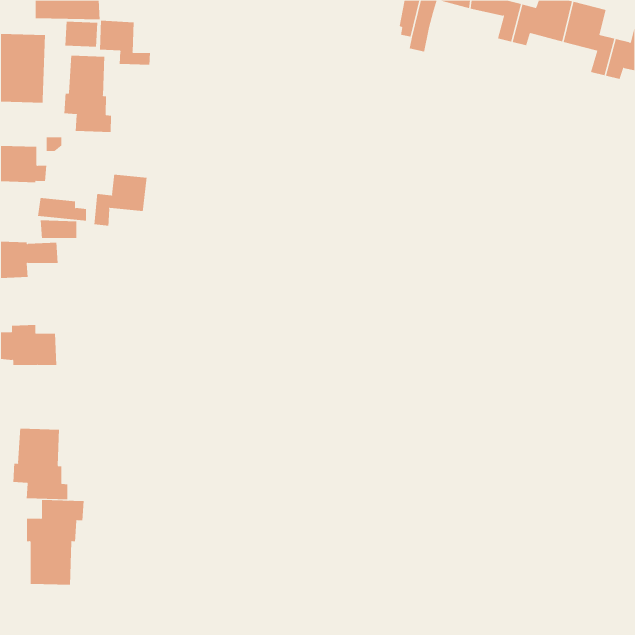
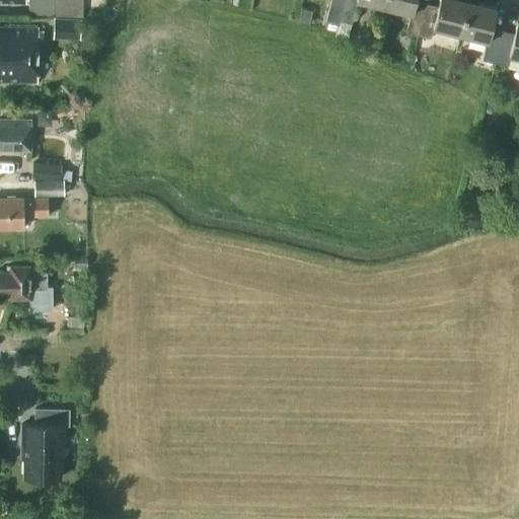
building: [99,20,151,66] -> none
building: [64,55,111,133] -> none
building: [94,174,147,226] -> none
building: [13,428,68,500] -> none

